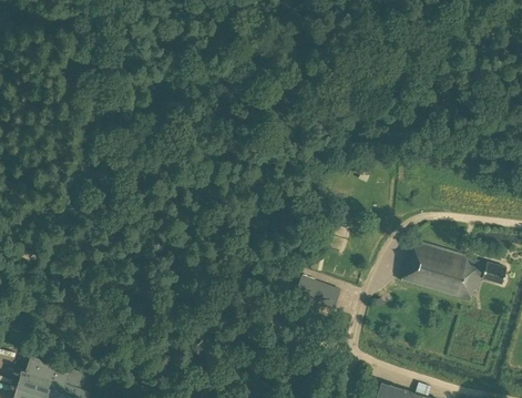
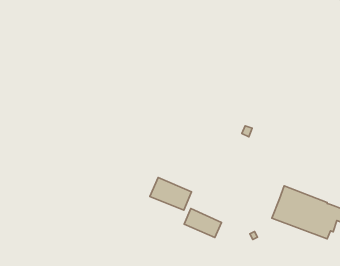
building: none -> [150,177,192,210]

